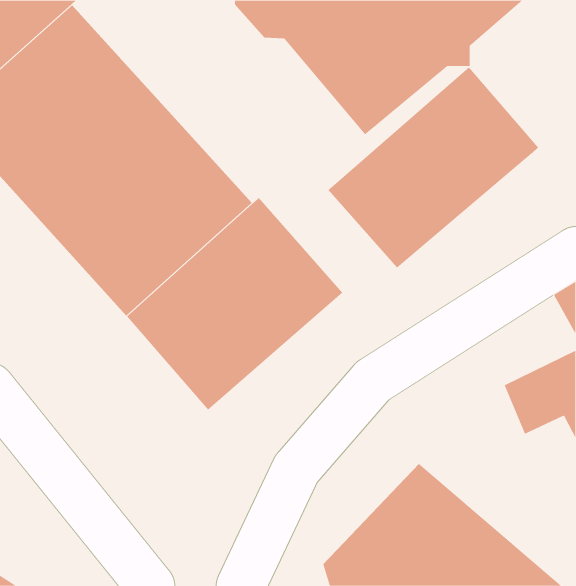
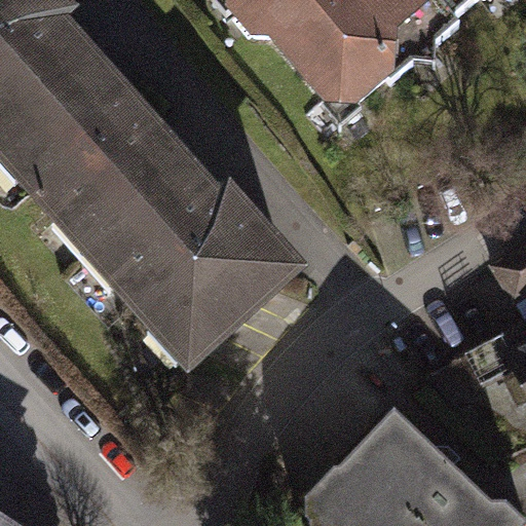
building: [328,67,539,269] -> none

